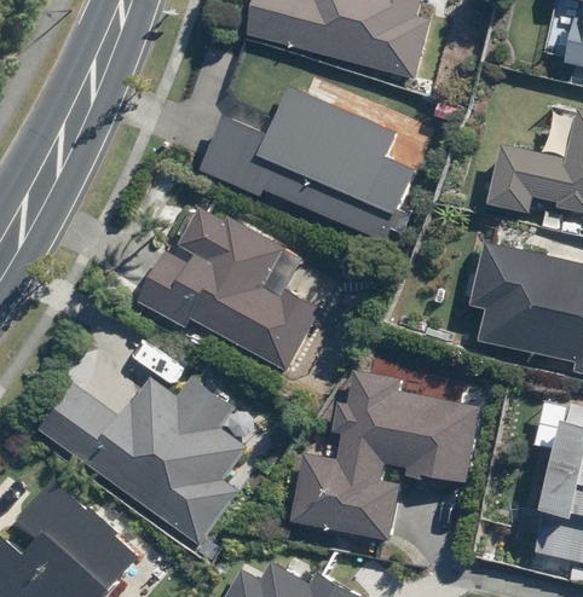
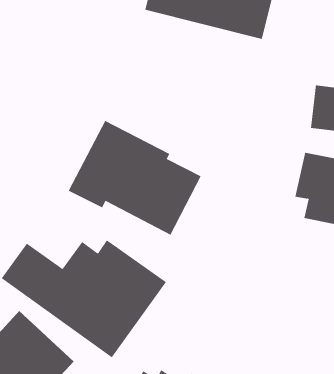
building: [195,68,416,240] -> none
building: [288,366,481,551] -> none

